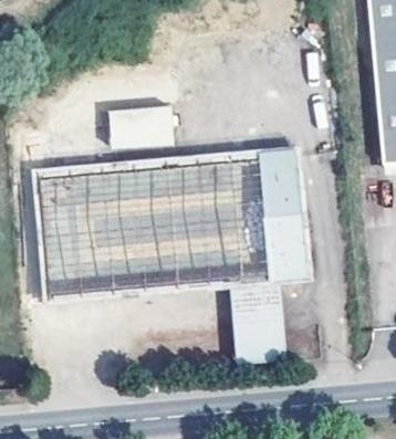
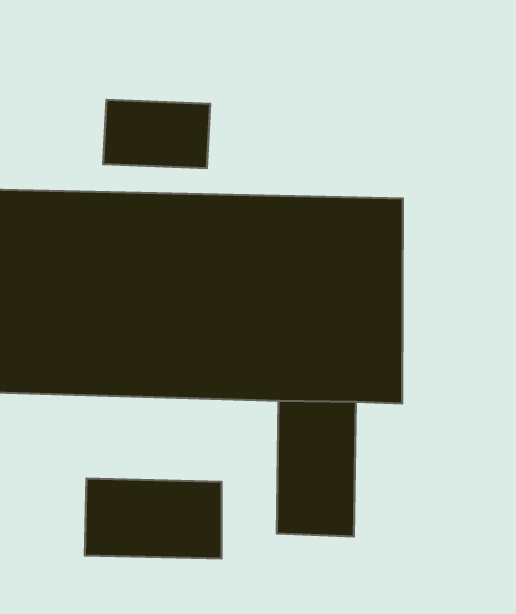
building: none -> [85,479,222,558]

